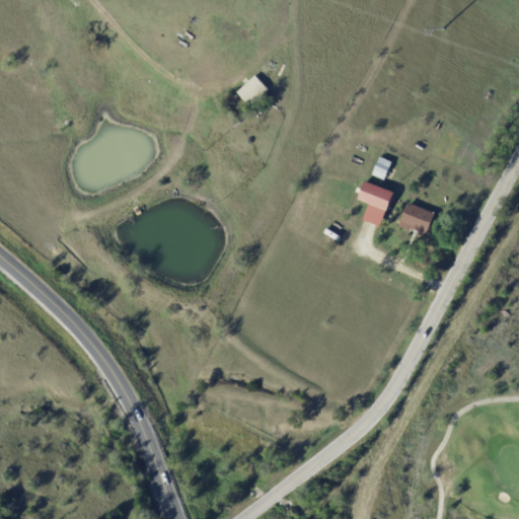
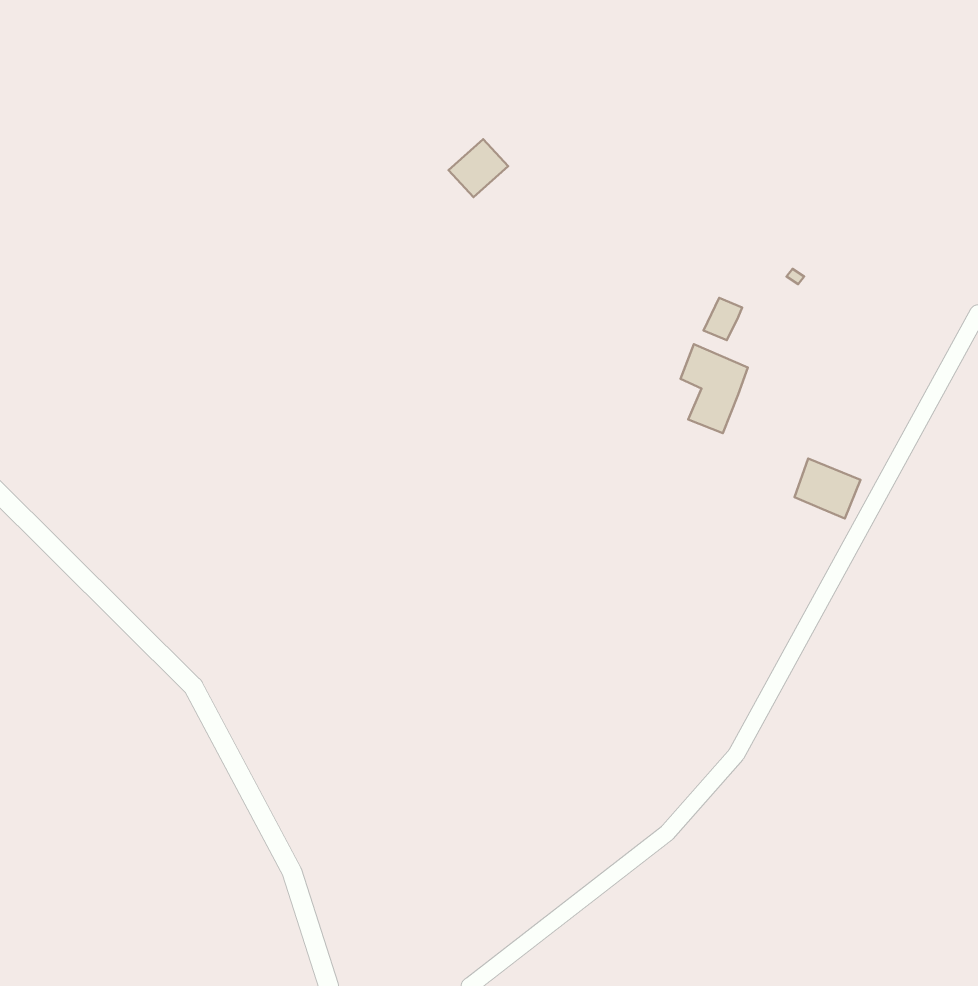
building: [399,202,434,233] -> [795,459,860,518]

